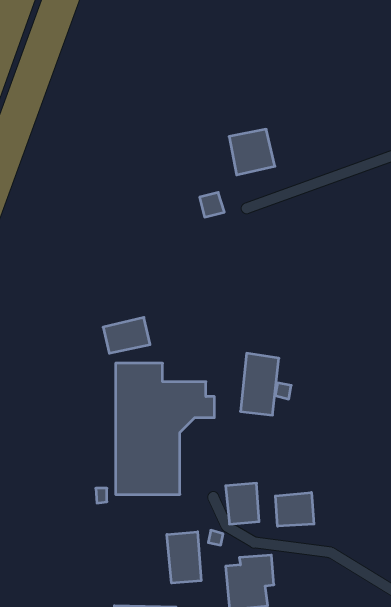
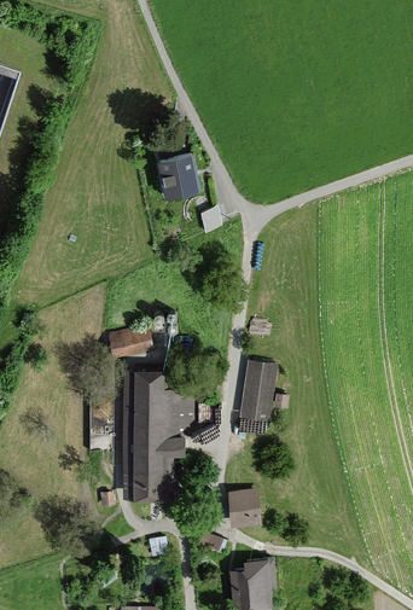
building: [229,129,275,175] -> [156,153,200,198]
building: [275,492,314,526] -> none
building: [167,532,201,583] -> none

